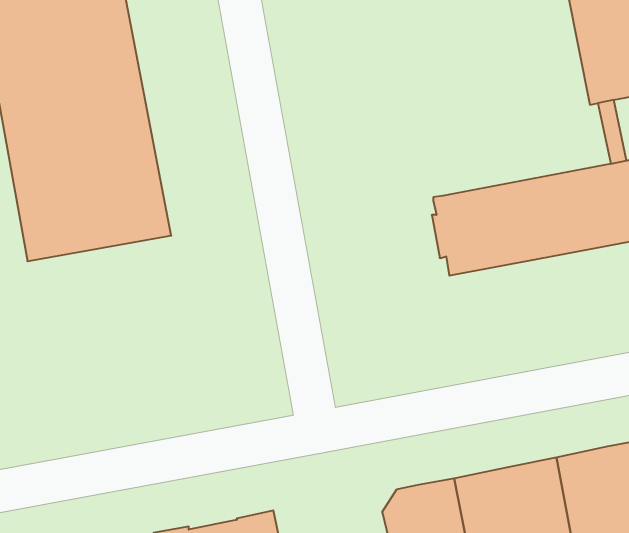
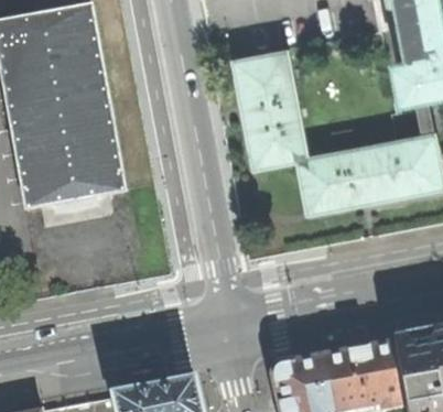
building: none -> [239,53,310,173]

